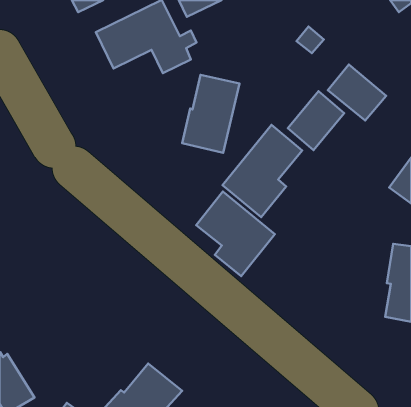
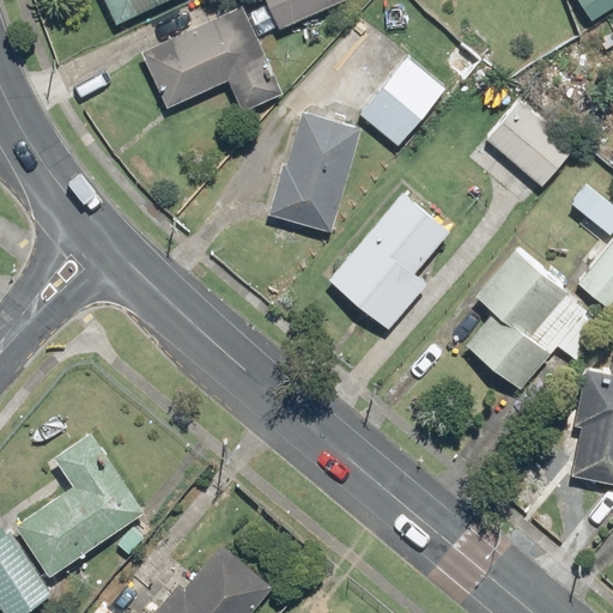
building: [288,91,344,150] -> [359,59,443,146]
building: none -> [466,248,602,393]
building: [196,192,275,276] -> none
building: none -> [14,433,144,577]

